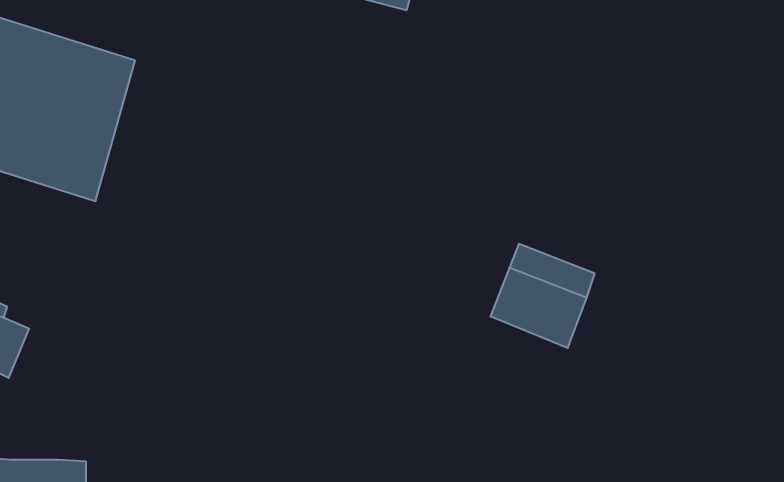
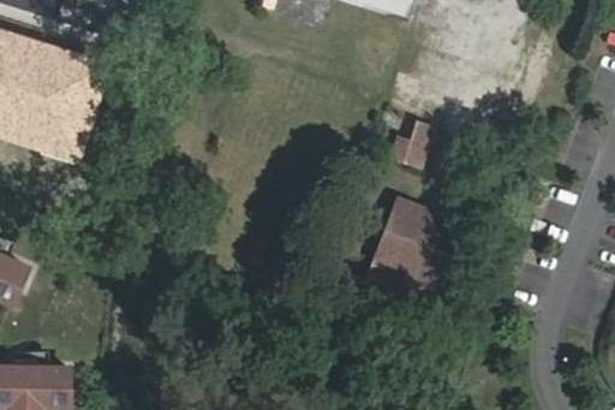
building: none -> [389,120,431,162]
building: none -> [364,255,434,303]

